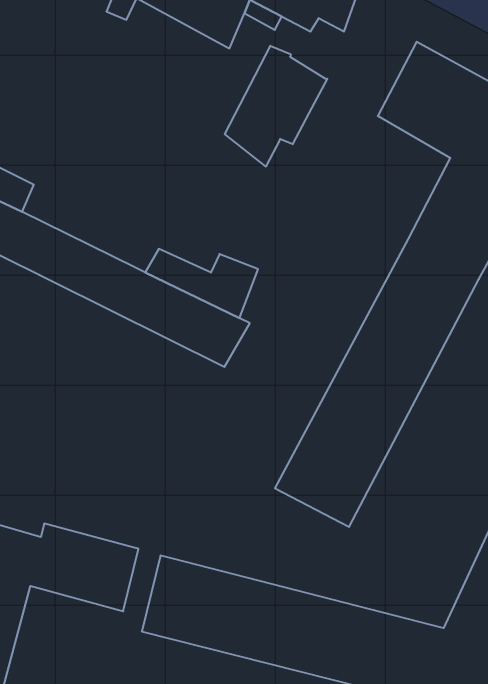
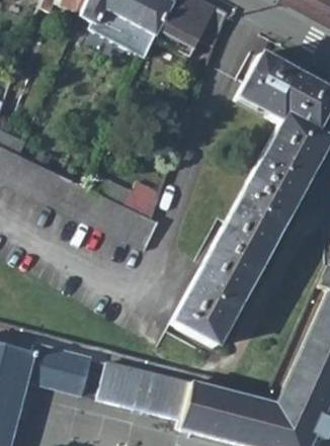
building: [225,46,327,167] -> none

